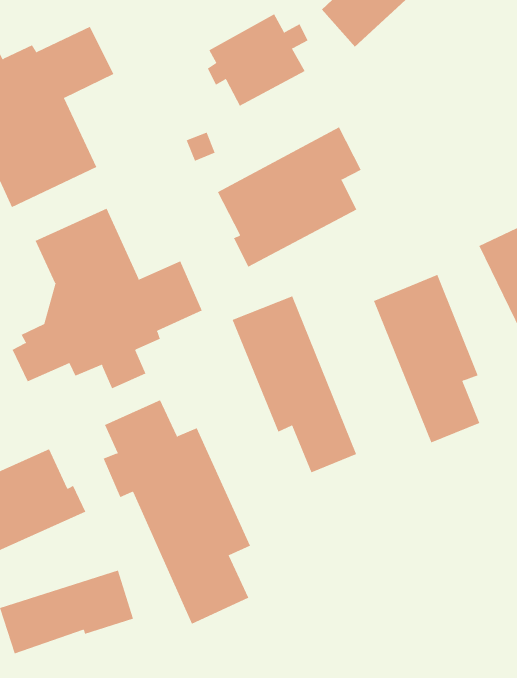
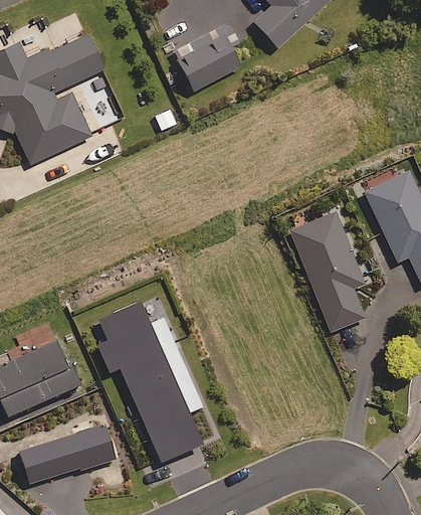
building: [217,127,362,268] -> none
building: [12,208,202,389] -> none
building: [232,296,357,473] -> none

